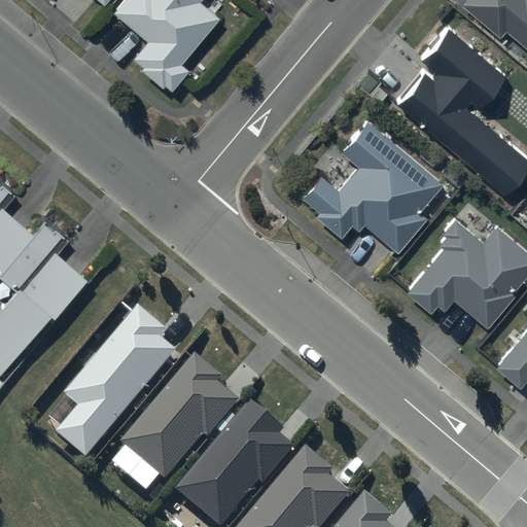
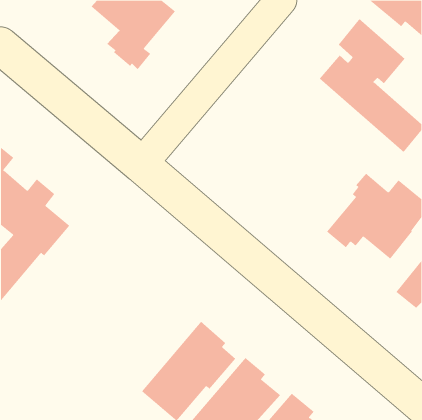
building: [303,119,443,251] -> none
building: [55,306,175,458] -> none
building: [120,355,239,481] -> none

